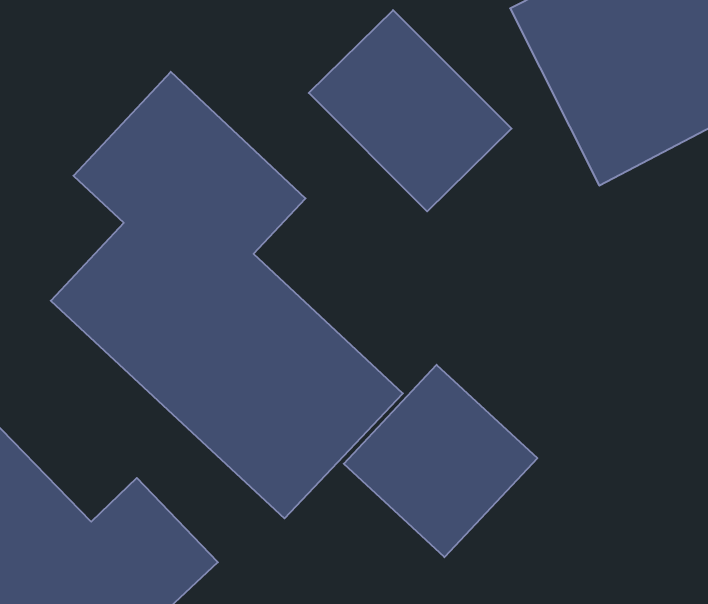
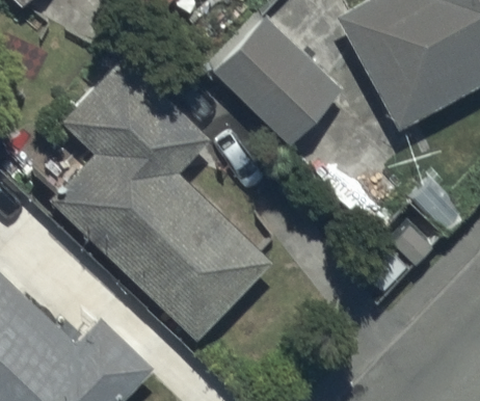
building: [344,365,537,557] -> none

